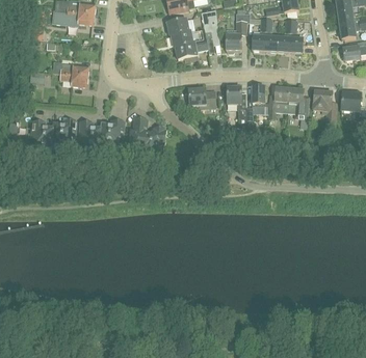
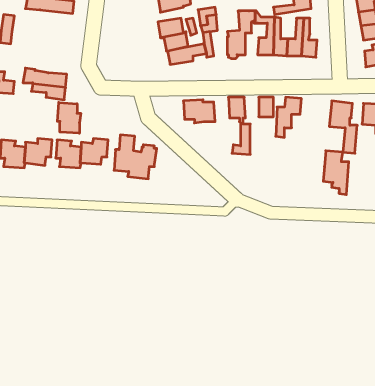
building: [52,9,94,26] -> none
building: [287,86,309,123] -> [323,151,349,195]
building: none -> [57,102,81,133]

